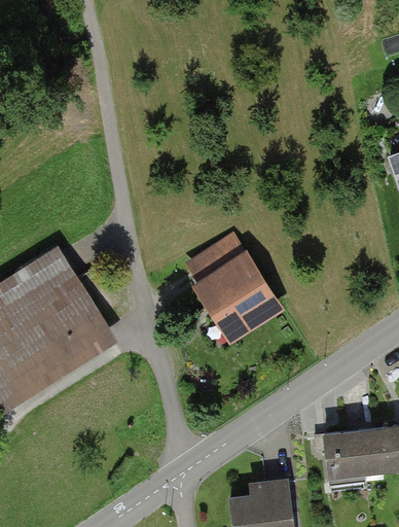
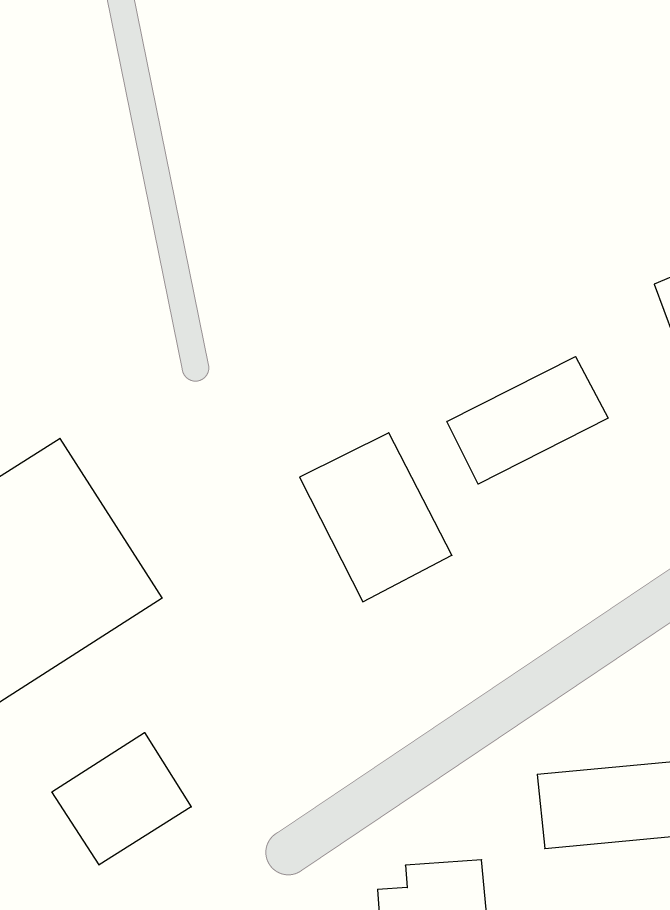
building: none -> [447,357,608,484]
building: none -> [52,733,191,865]

